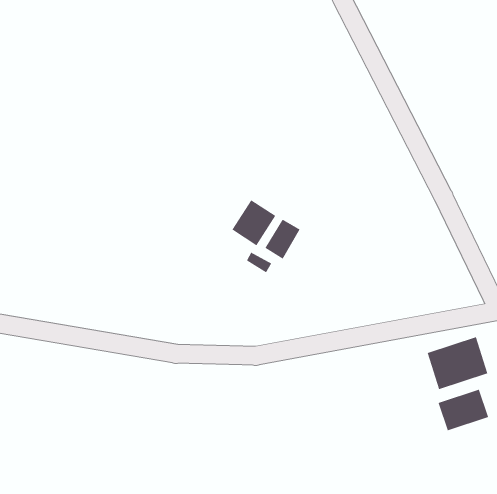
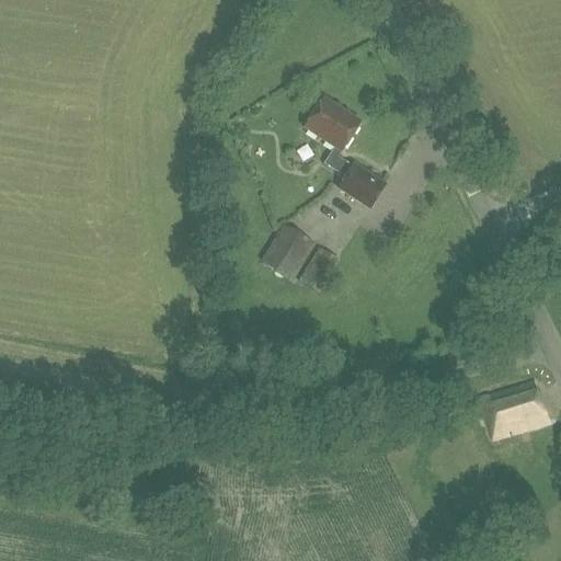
building: none -> [305,96,385,207]
building: [438,389,489,431] -> none

